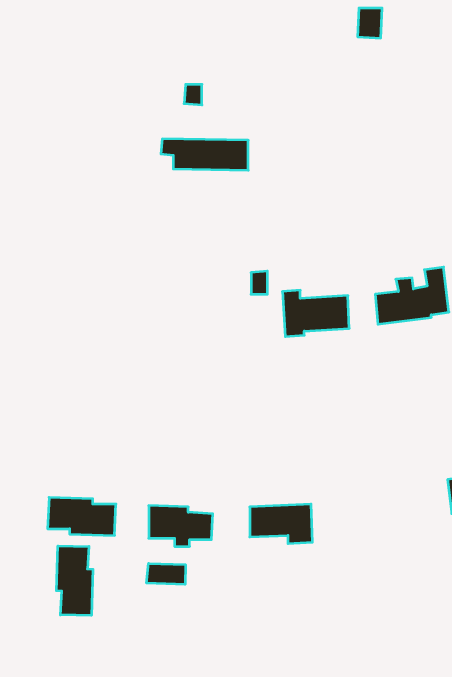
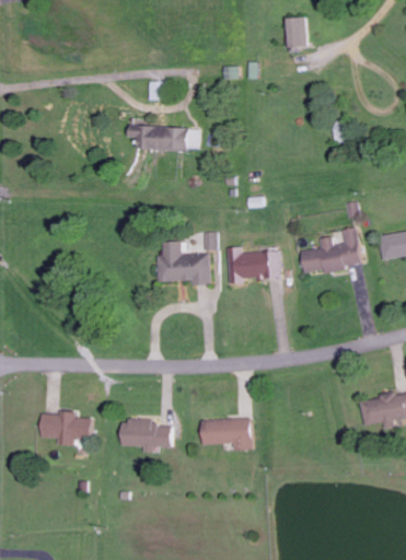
building: none -> [156,241,209,284]
building: [56,546,93,615] -> none
building: [147,563,185,584] -> none

